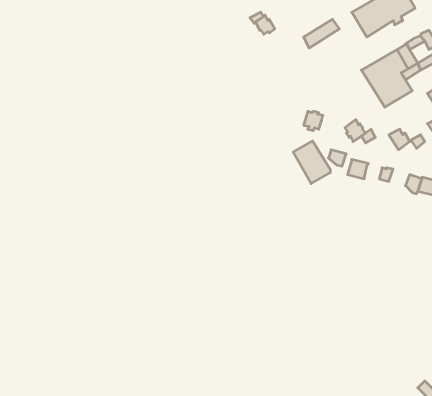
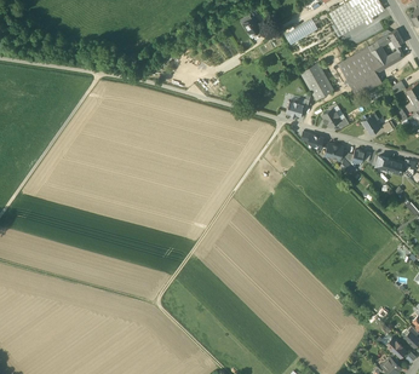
building: [293,141,330,184] -> [300,64,333,102]

